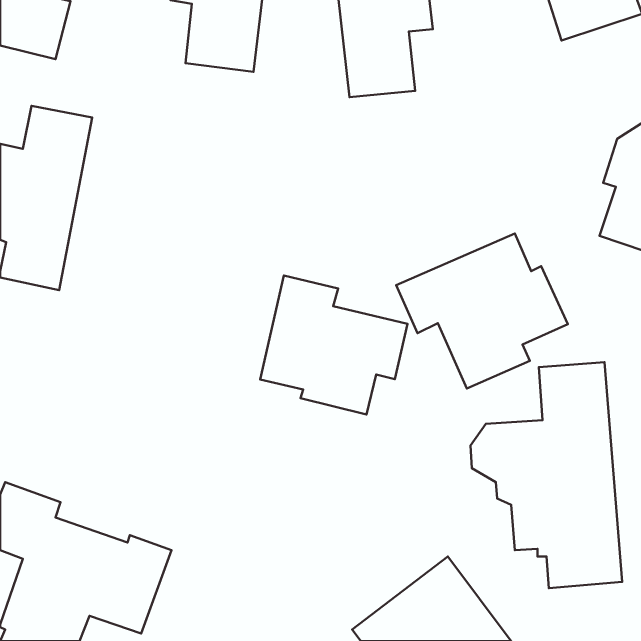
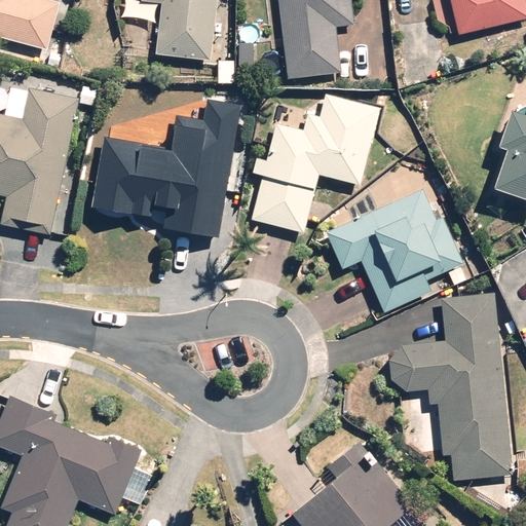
building: none -> [250,93,379,235]
building: none -> [88,100,241,239]
building: [260,275,407,414] -> none

